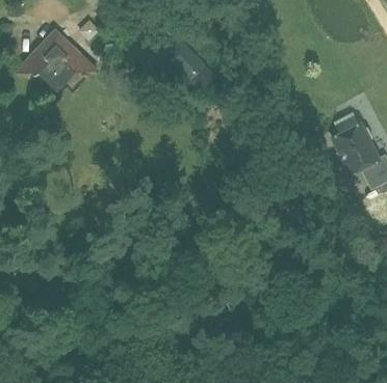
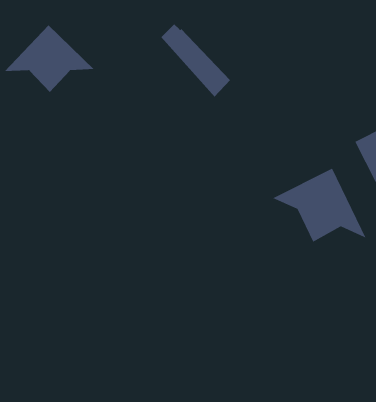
building: none -> [271,167,367,243]

